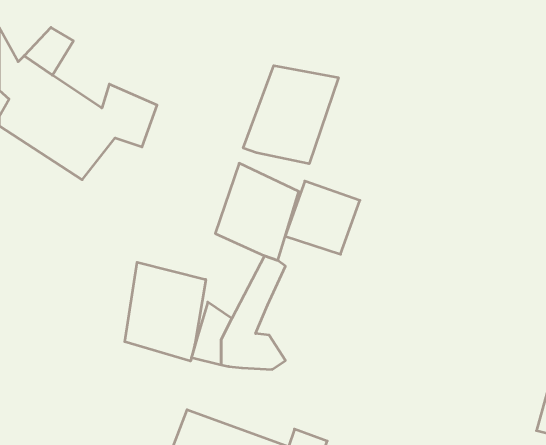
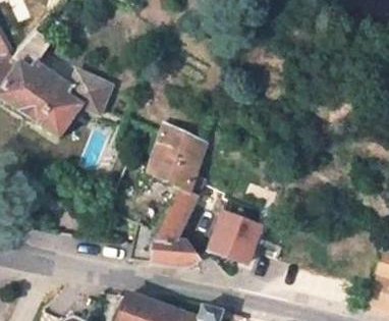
building: [243,66,338,164] -> none
building: [285,181,360,254] -> [213,212,264,262]
building: [125,262,206,361] -> none

